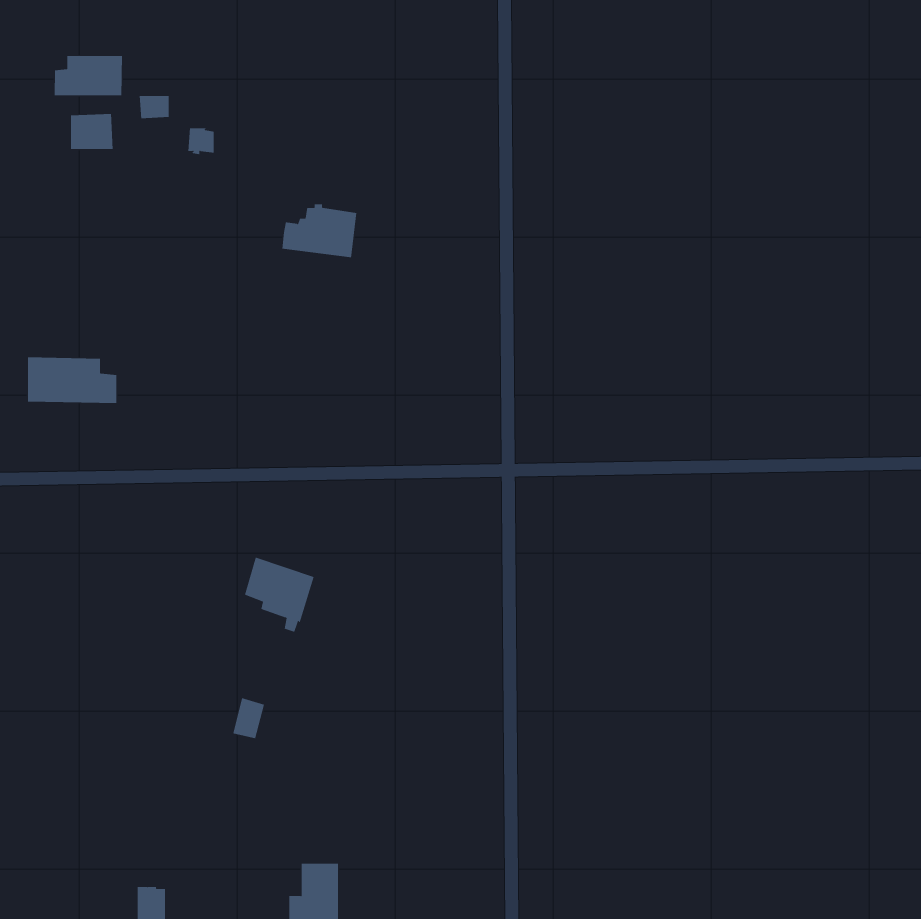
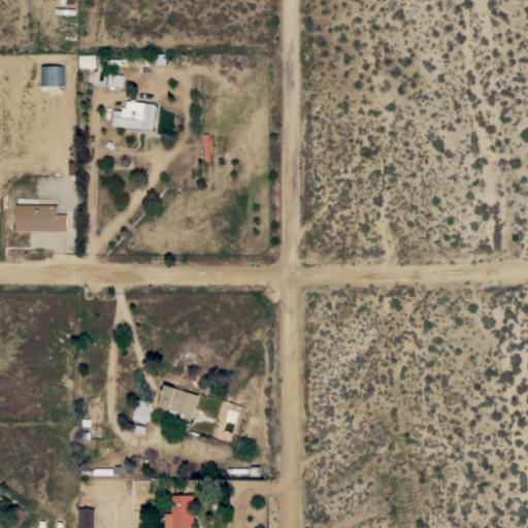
building: [54,55,122,96] -> none
building: [281,204,357,258] -> [112,100,156,131]
building: [244,557,315,633] -> [159,385,199,428]

